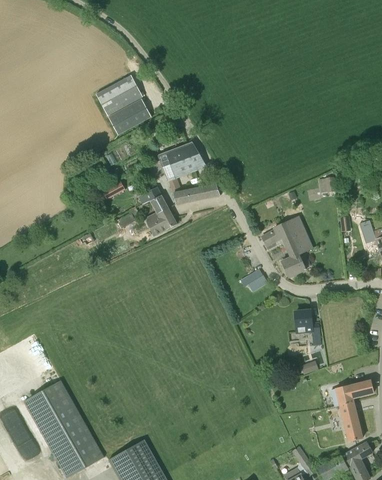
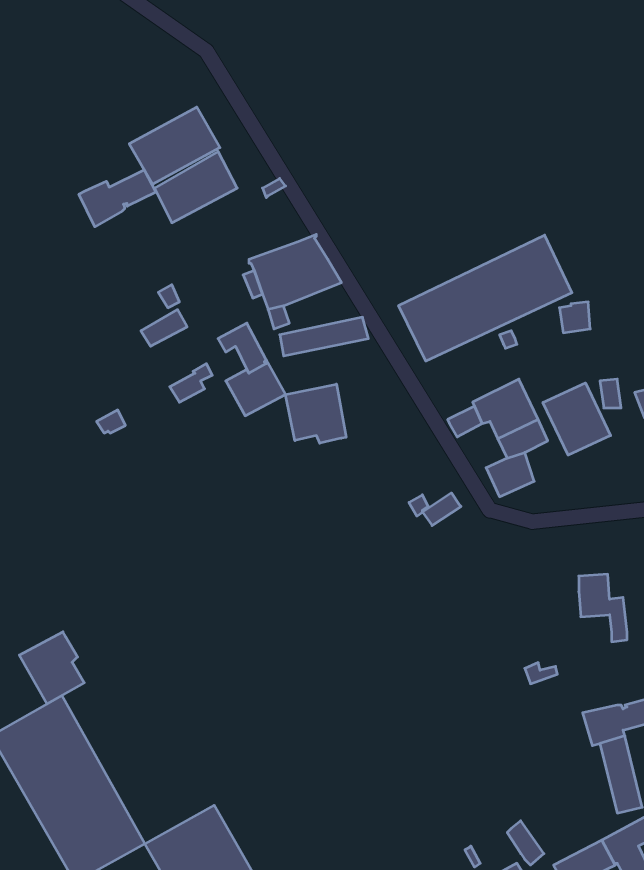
building: none -> [79,170,156,227]
building: none -> [399,235,572,361]
building: none -> [543,383,611,455]
building: none -> [286,384,346,443]
building: [296,310,321,345] -> [579,574,627,642]
building: none -> [19,632,84,704]

